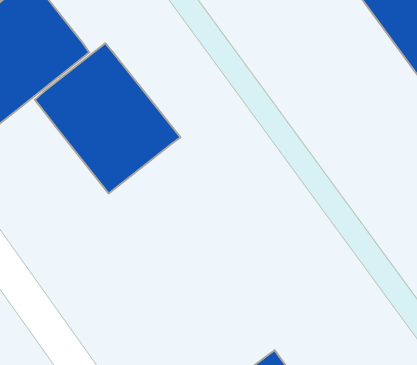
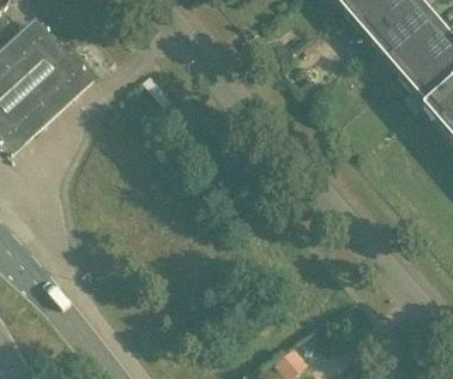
building: [35,43,180,193] -> none

